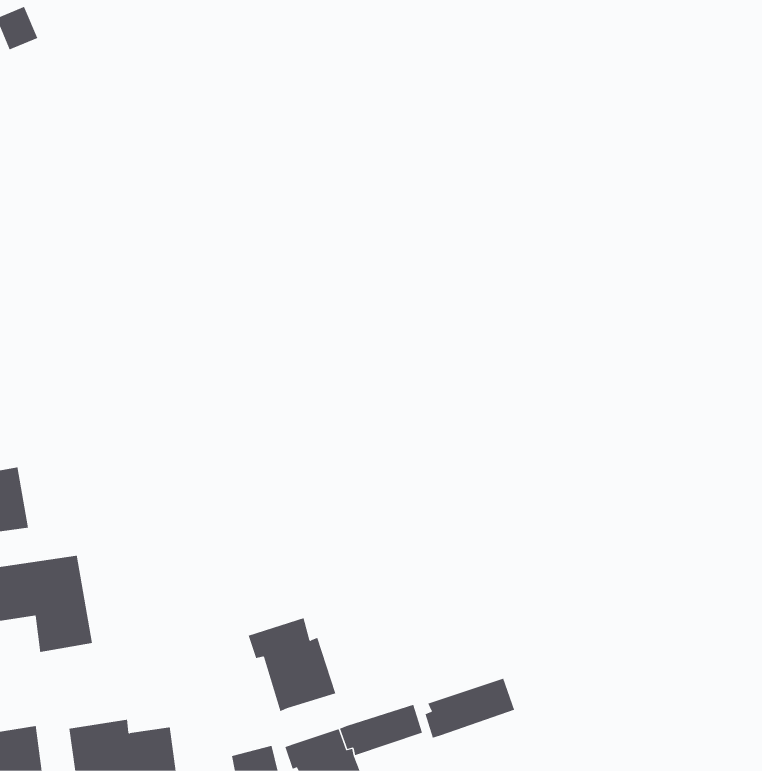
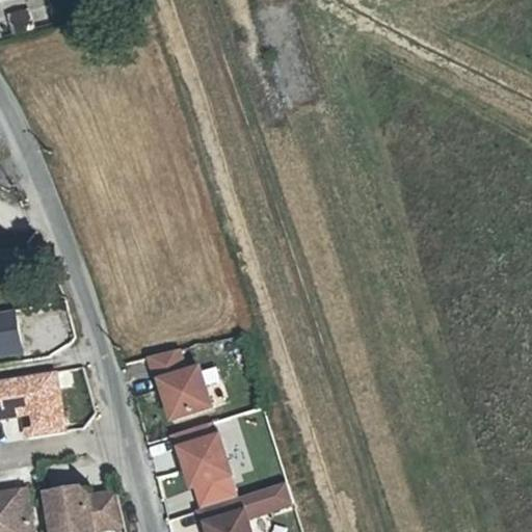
building: none -> [148,349,206,418]
building: [425,678,515,738] -> none
building: none -> [196,474,237,507]

